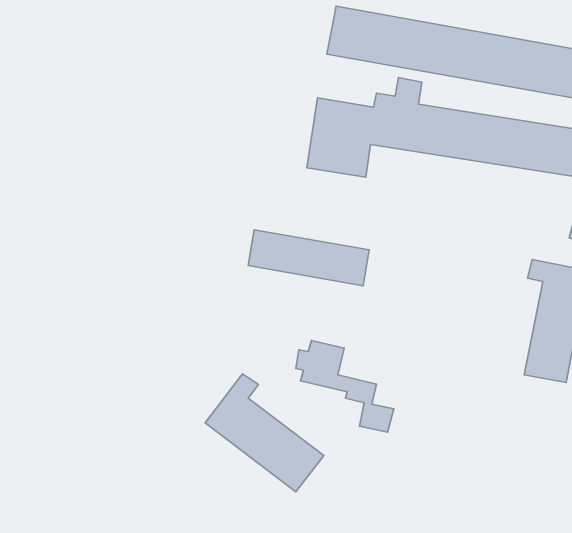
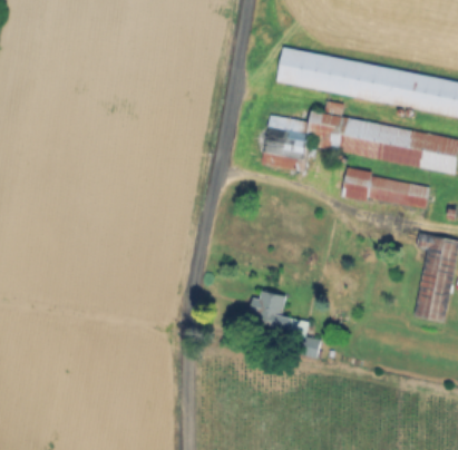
building: [248,230,369,286] -> [341,170,428,211]
building: [205,374,324,492] -> none

